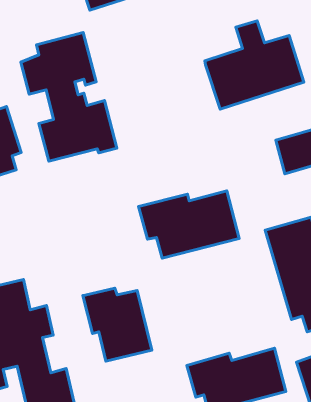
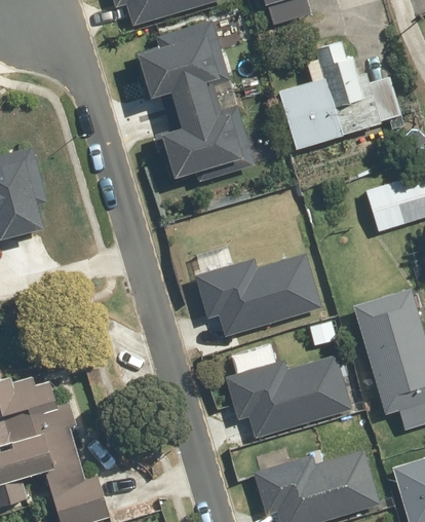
building: [21,33,117,161] -> [134,20,255,181]
building: none -> [226,355,350,439]
building: [83,288,152,361] -> none

